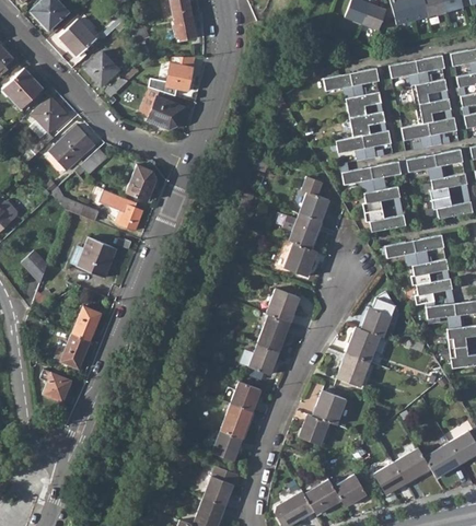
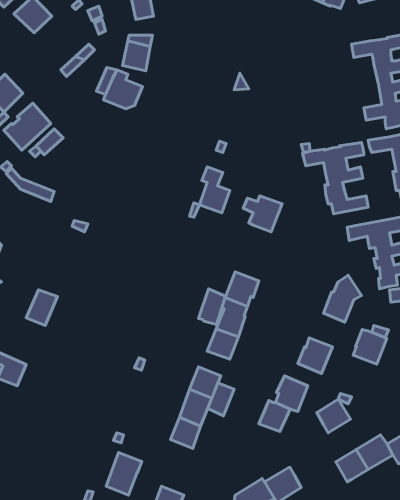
building: [84,52,119,87] -> none
building: [324,68,392,161] -> none
building: [126,165,156,201] -> none
building: [300,177,329,222] -> [199,167,230,213]
building: [98,189,143,231] -> none
building: [71,237,115,278] -> none
building: [283,243,316,277] -> none
building: none -> [198,289,226,325]
building: [348,328,381,362] -> [353,330,387,364]
building: [55,334,90,369] -> none
building: none -> [208,383,234,416]
building: [204,466,239,507] -> [106,453,142,495]
building: [334,475,367,507] -> [317,399,350,433]

